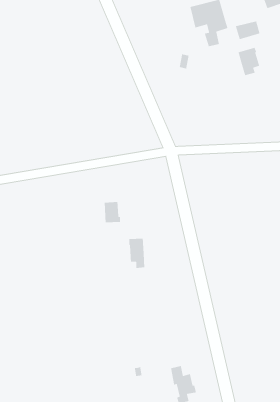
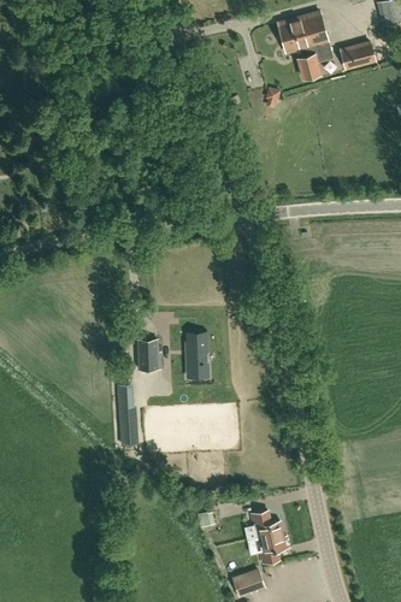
building: [237,47,260,76] -> none
building: [104,201,121,223] -> [136,340,159,370]

